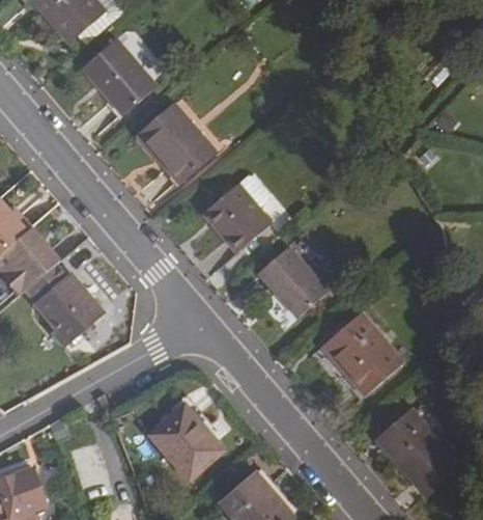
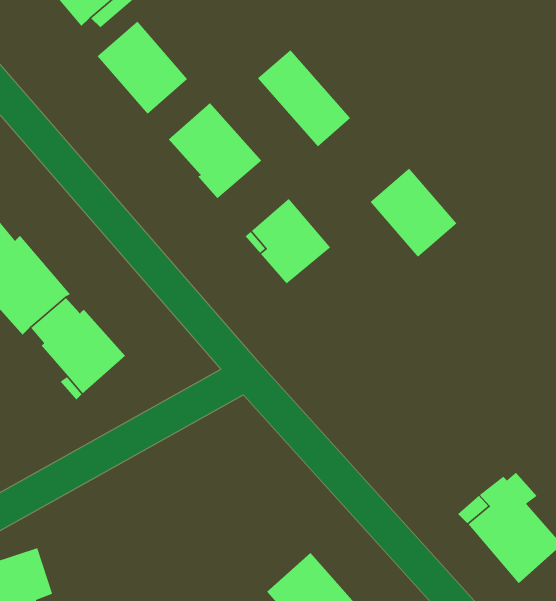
building: none -> [257,49,351,147]
building: [256,245,328,319] -> [370,167,457,258]
building: [319,311,403,396] -> none
building: [148,404,223,480] -> none

